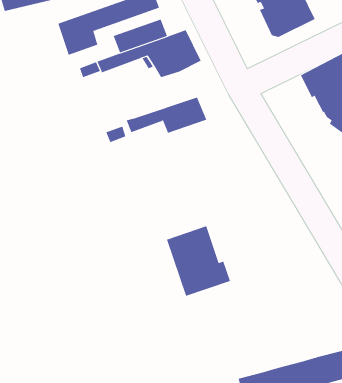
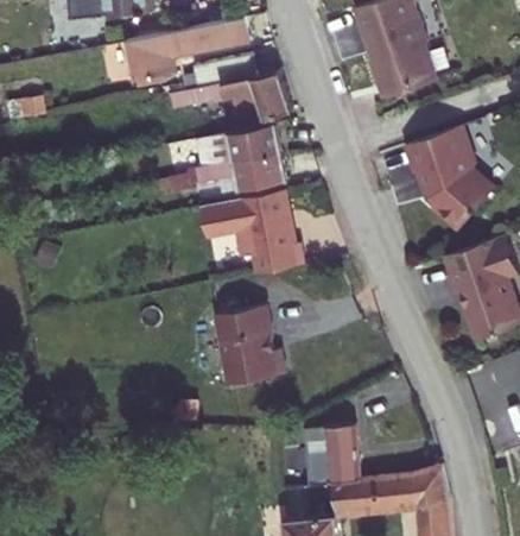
building: none -> [197,125,280,168]
building: none -> [204,190,307,273]
building: none -> [300,425,357,486]

